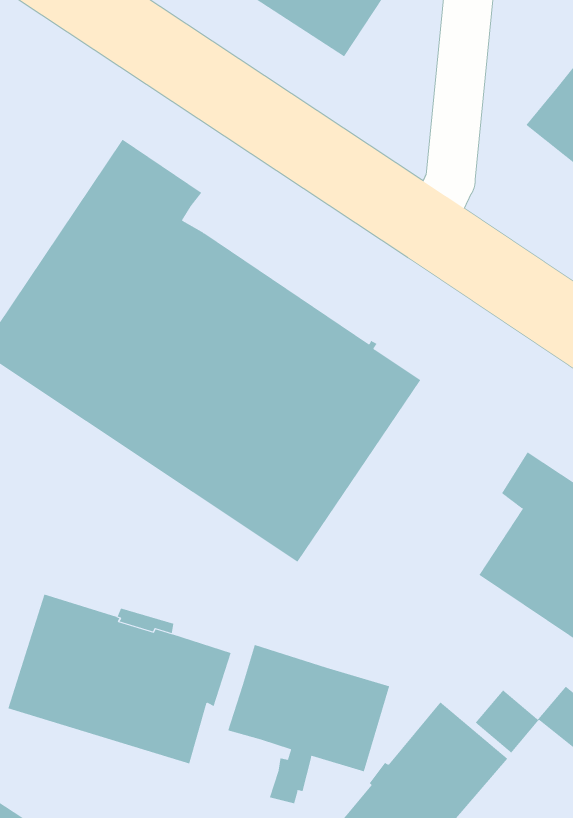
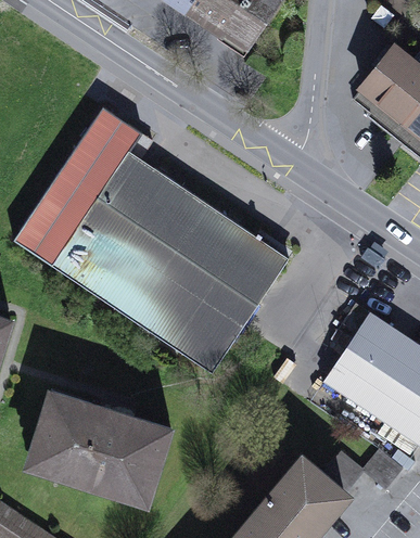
building: [227,644,390,804] -> none

